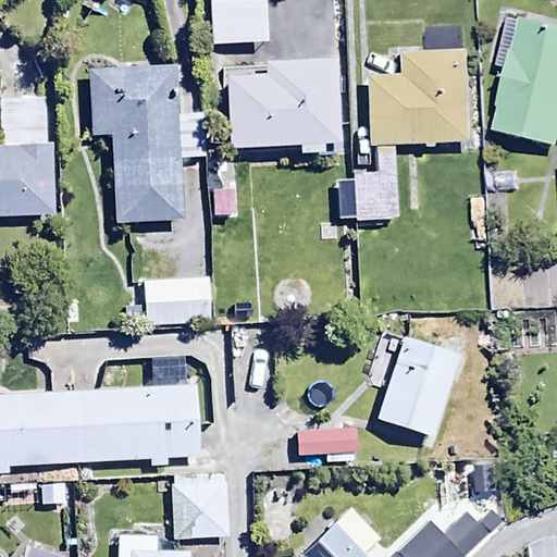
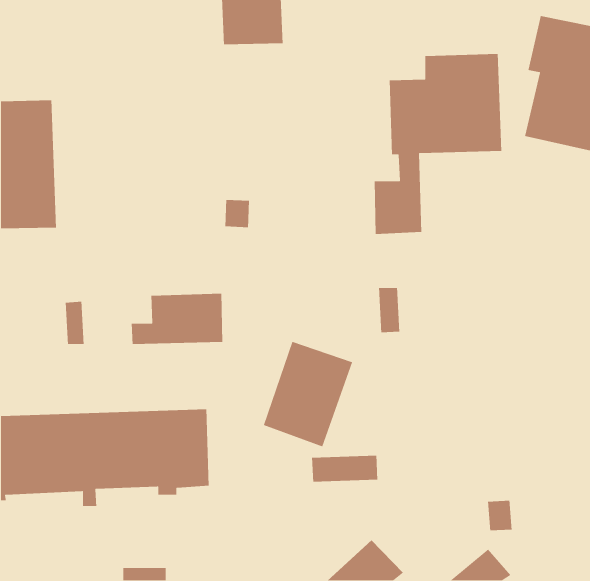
building: [228,63,336,156] -> none
building: [89,65,201,223] -> none
building: [376,337,461,437] -> [263,341,353,447]
building: [171,473,228,540] -> none

